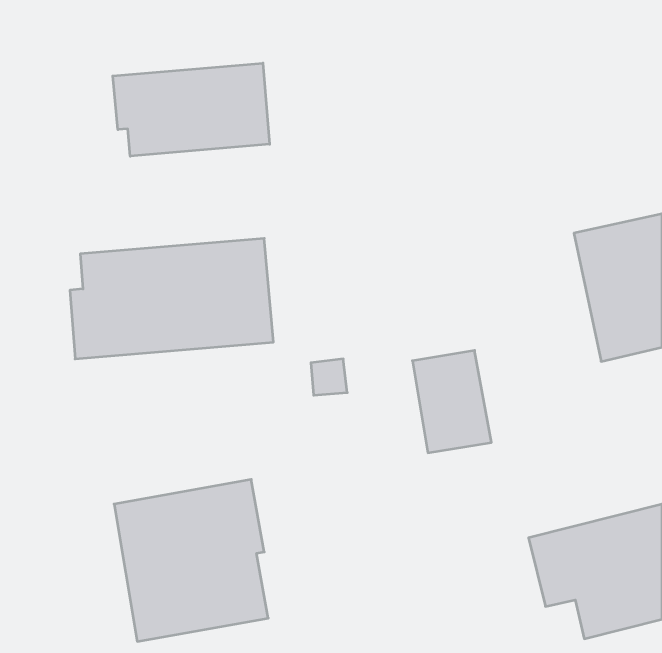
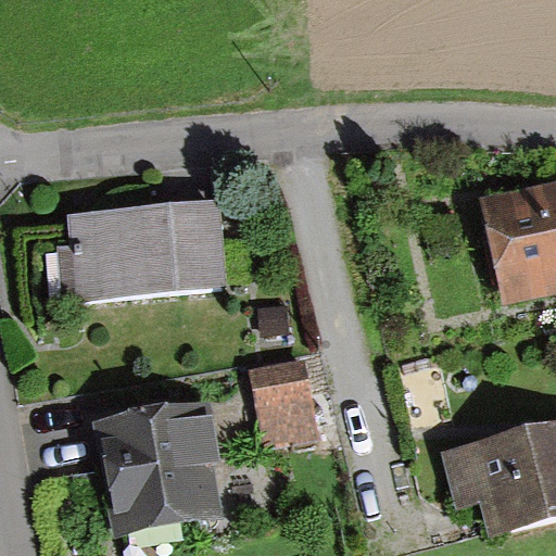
building: [113,63,270,156] -> none
building: [412,350,491,453] -> [252,359,318,445]

